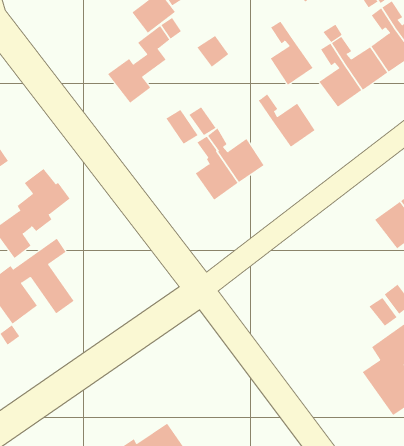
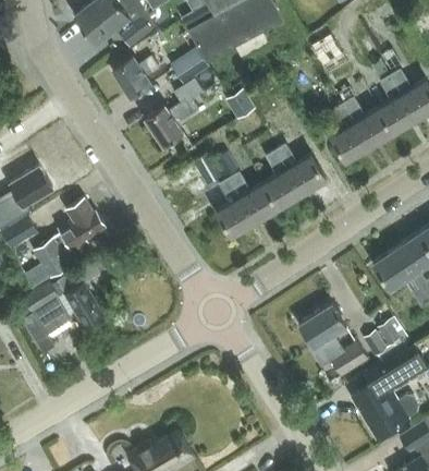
building: none -> [113,57,158,98]
building: [270,21,314,86] -> [265,150,303,208]
building: none -> [298,303,368,377]

